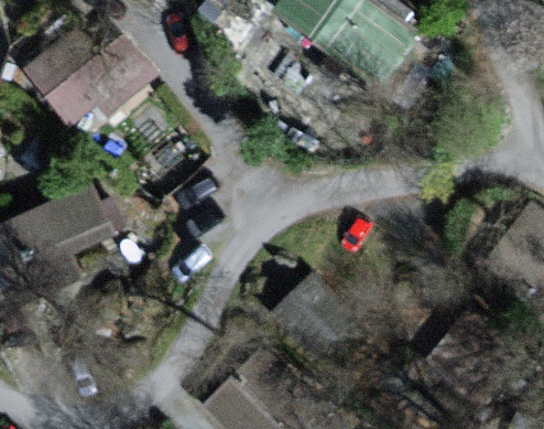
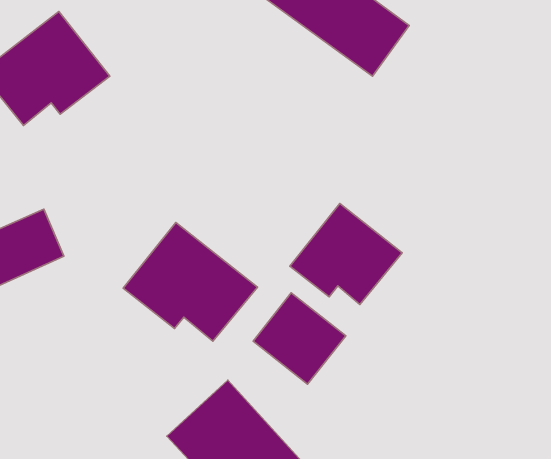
building: none -> [290,203,402,304]
building: none -> [123,223,257,341]

